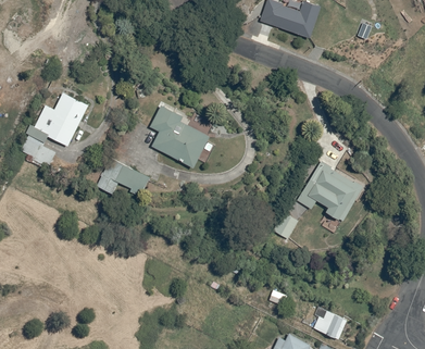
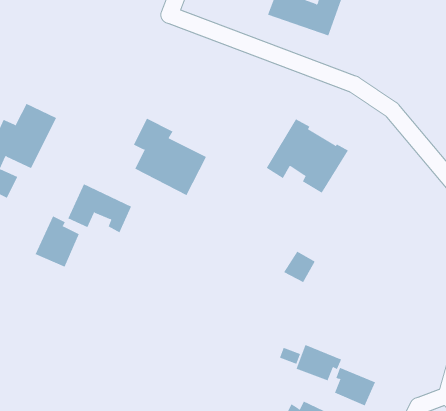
building: [296,160,363,221] -> [266,118,349,193]
building: none -> [35,216,80,268]
building: none -> [296,344,342,381]

